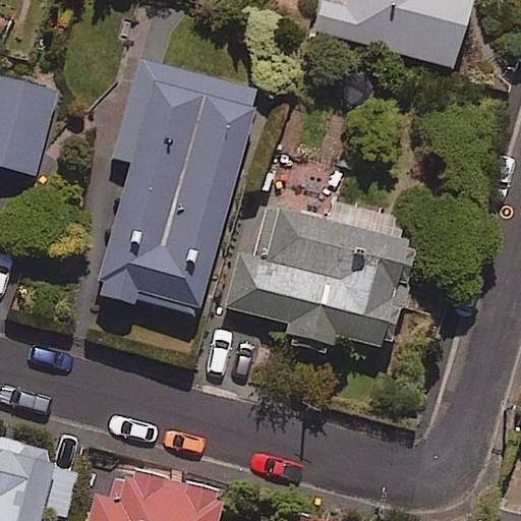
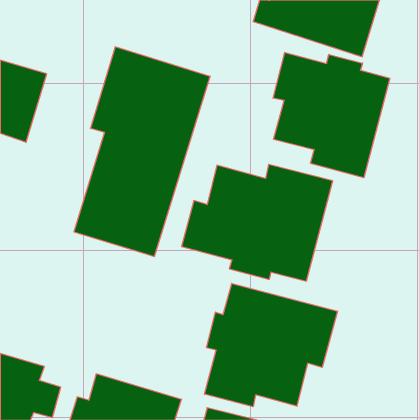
building: none -> [273,52,390,178]
building: none -> [204,283,337,407]

